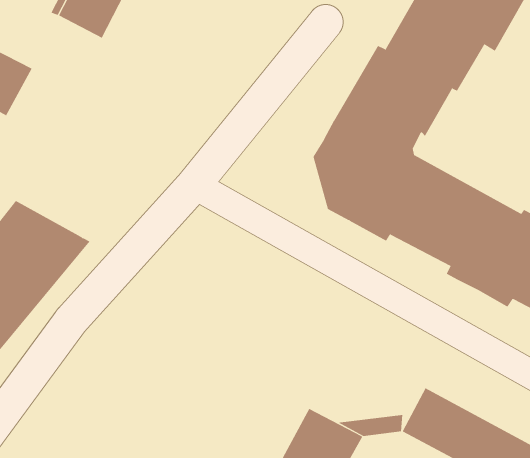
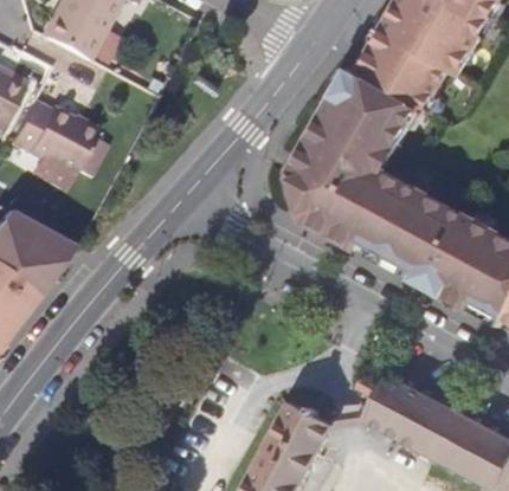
building: none -> [20,104,108,177]

